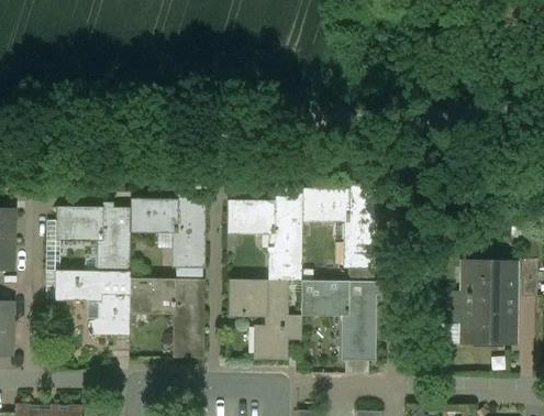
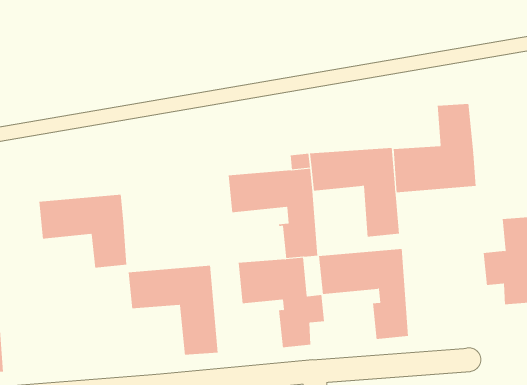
building: none -> [393,103,476,193]
building: [130,198,204,267] -> none
building: [54,270,129,335] -> none

